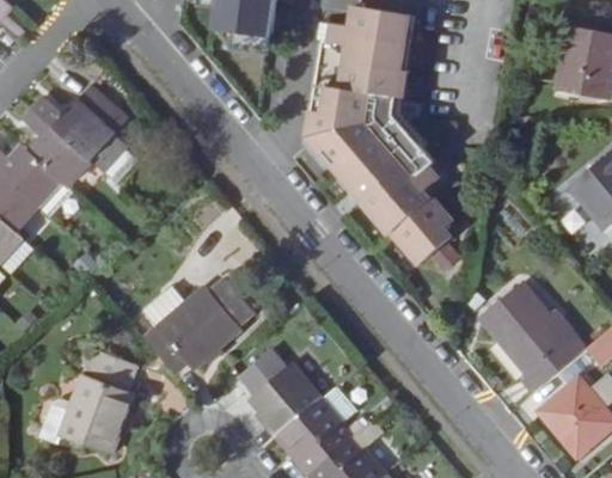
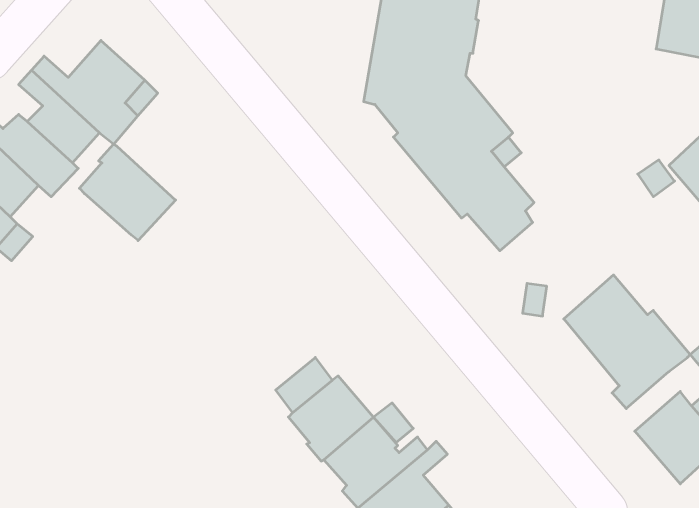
building: none -> [79,144,176,241]
building: [147,278,253,378] -> none
building: [57,347,134,456] -> none

